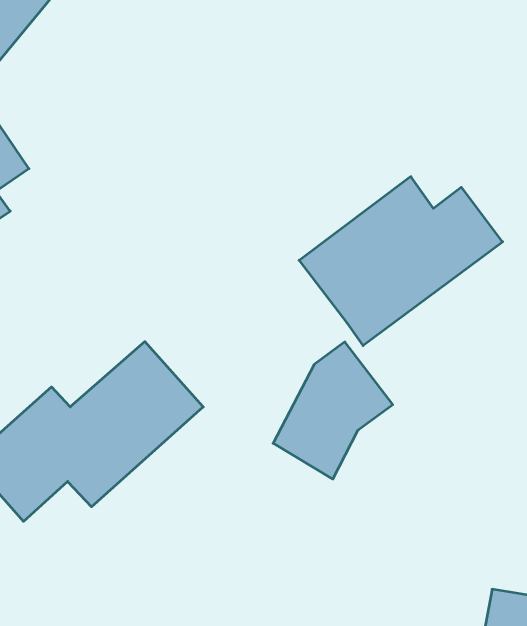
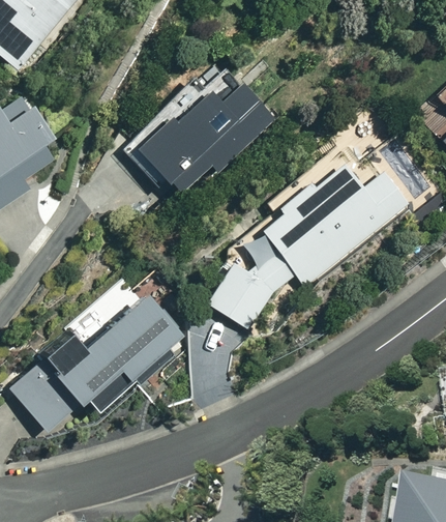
building: none -> [127,74,283,199]
building: [273,342,393,479] -> [204,223,297,329]

